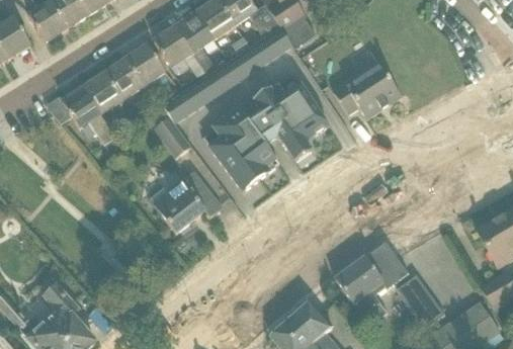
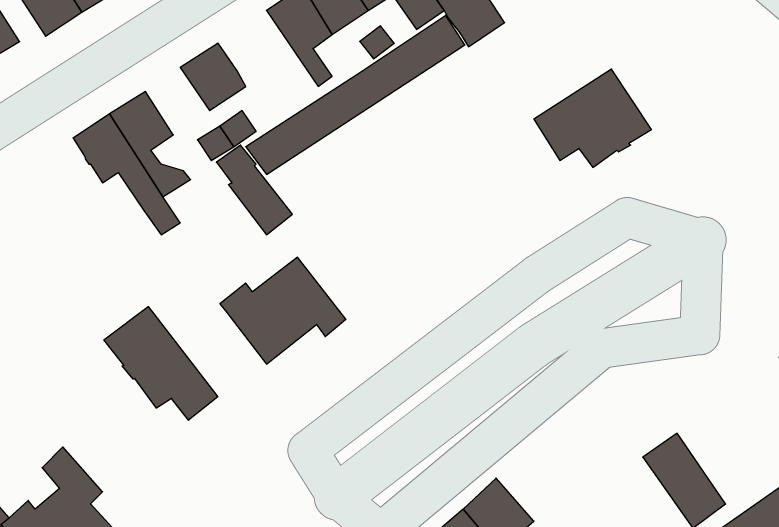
building: [154,25,205,76] -> none
building: [104,59,142,98] -> none
building: [209,81,328,190] -> none
building: none -> [104,307,218,420]
building: [334,241,408,320] -> none

